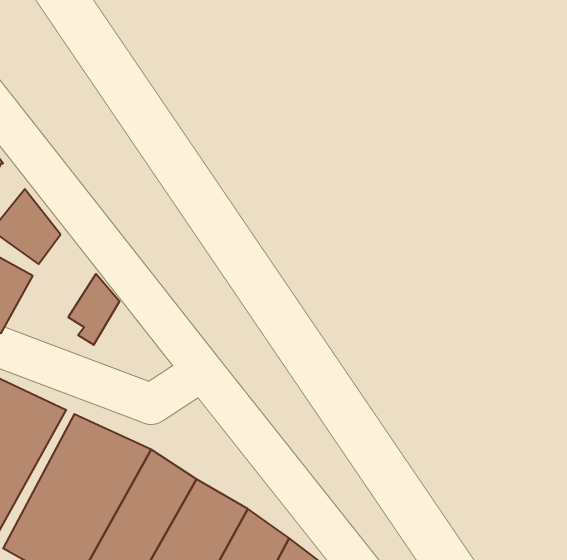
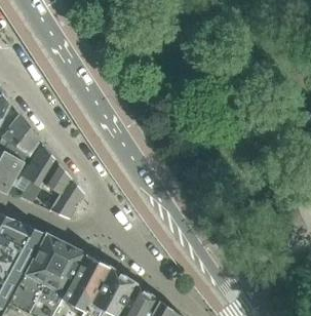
building: none -> [20,144,56,203]
building: none -> [48,175,84,219]

